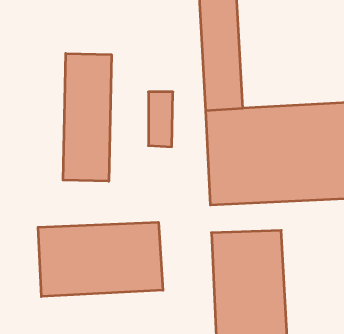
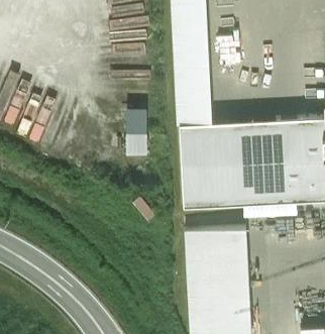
building: [63,53,111,181] -> none
building: [38,222,163,297] -> none

